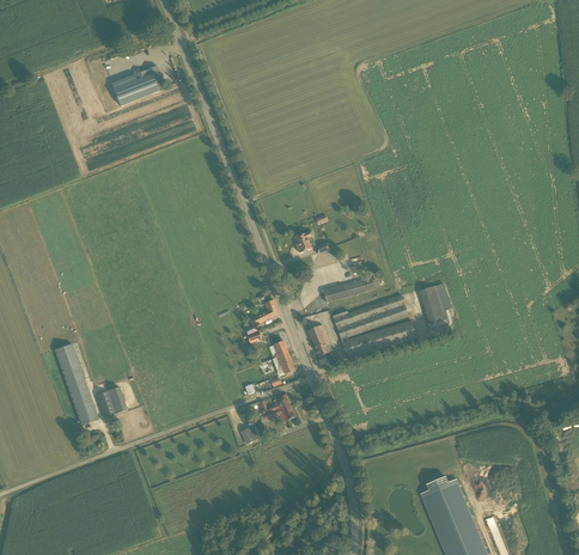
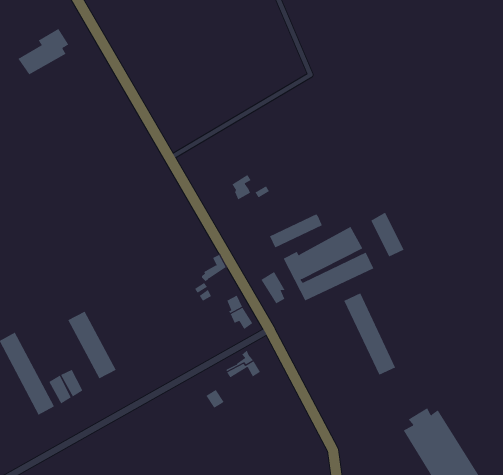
building: none -> [68,311,117,379]
building: none -> [344,293,396,376]

